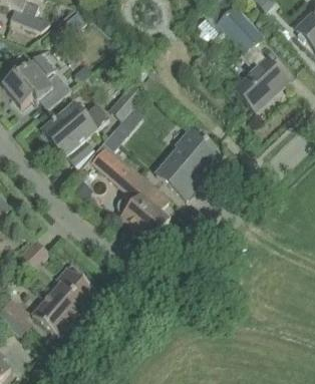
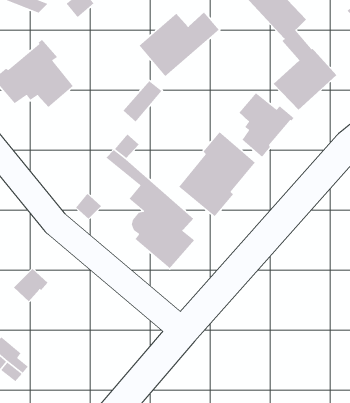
building: none -> [238,92,294,158]
building: [41,102,108,156] -> [138,12,220,77]
building: [32,266,99,337] -> none

